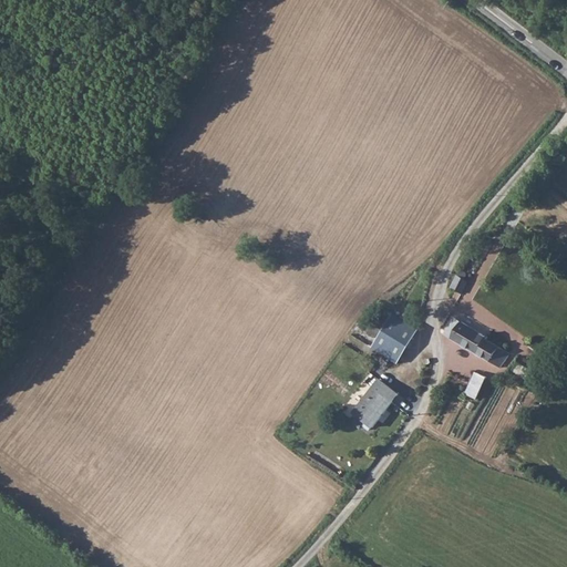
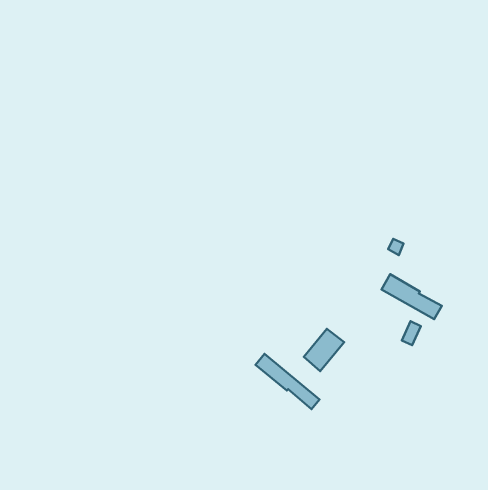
building: [369,310,420,363] -> none
building: none -> [256,354,320,409]

